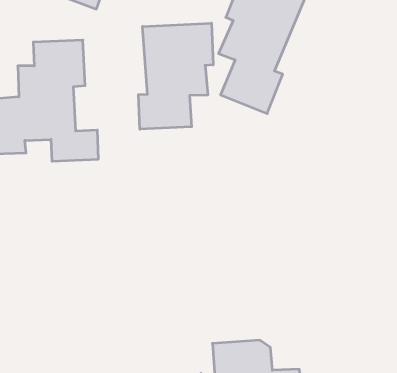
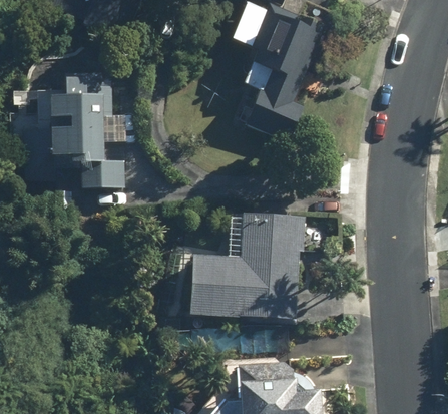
building: [138,23,213,129] -> none
building: none -> [187,213,304,317]

